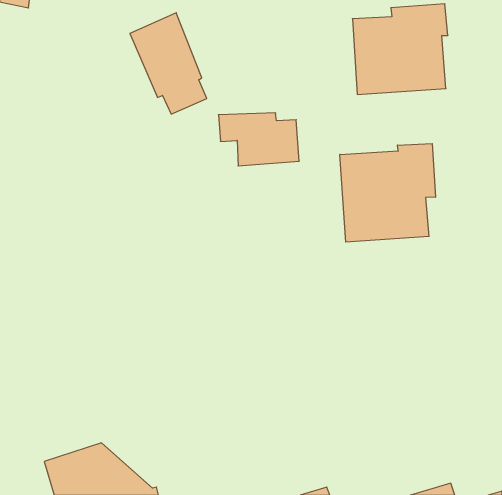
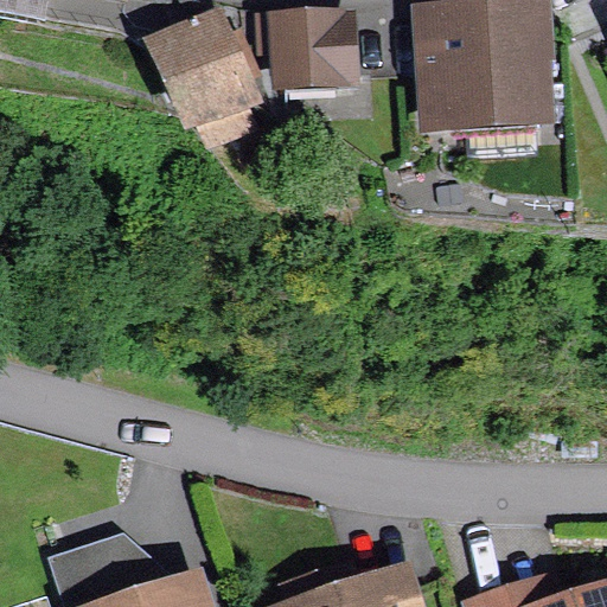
building: [218,113,299,166] -> [260,11,357,75]
building: [340,144,435,242] -> none

